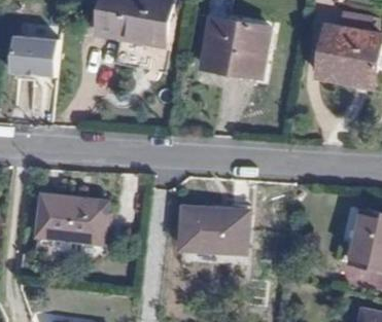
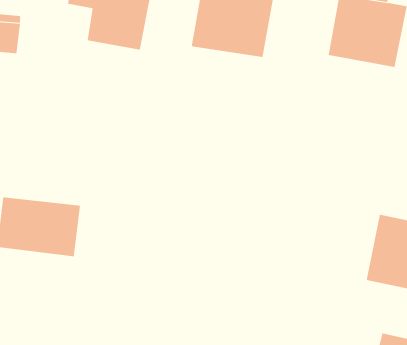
building: [179,207,248,255] -> none

